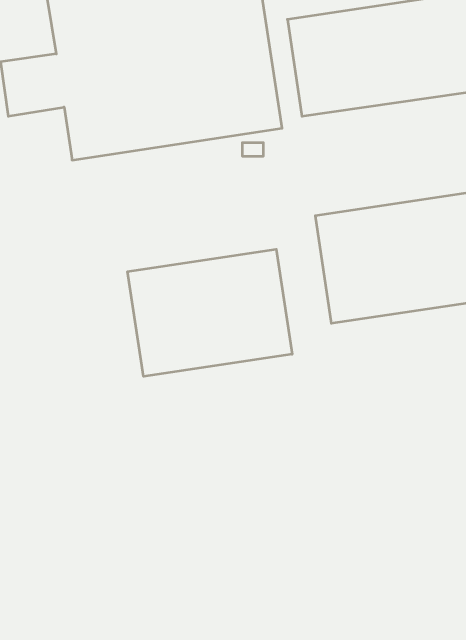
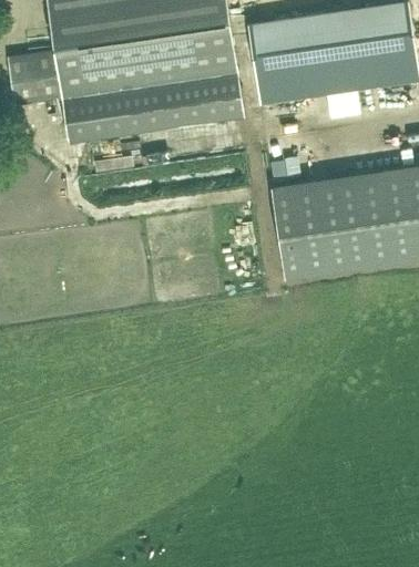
building: [128,249,292,376] -> none

